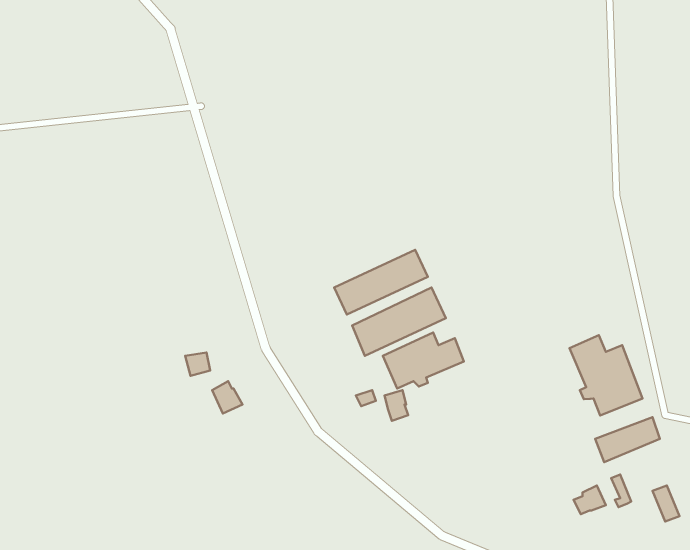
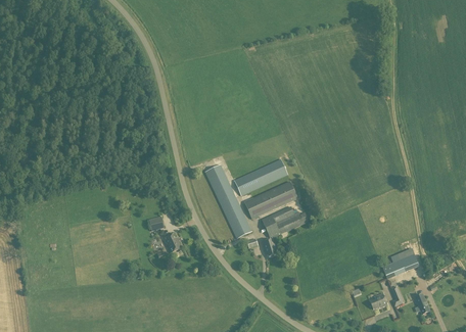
building: none -> [203,163,251,238]
building: [570,335,642,415] -> none

